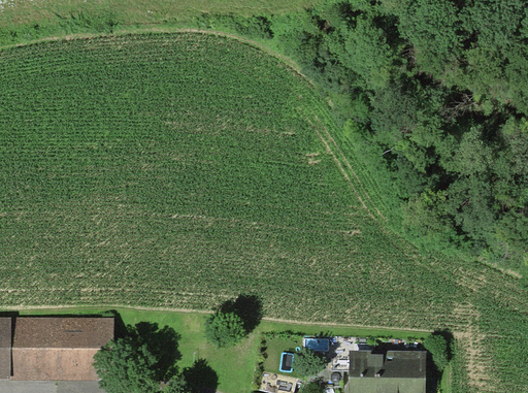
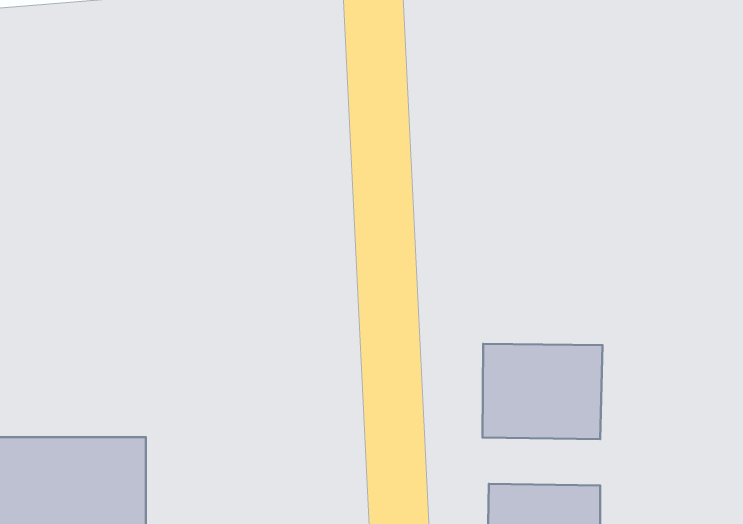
building: none -> [482,344,603,439]

